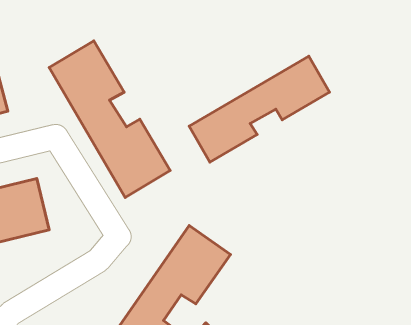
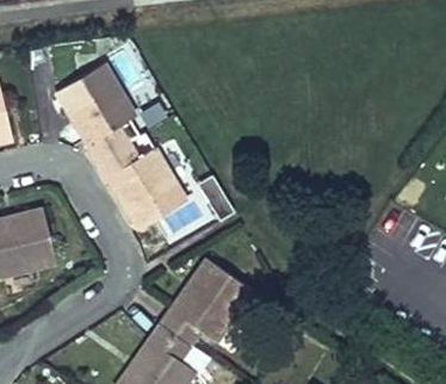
building: [189,56,330,162] -> none

